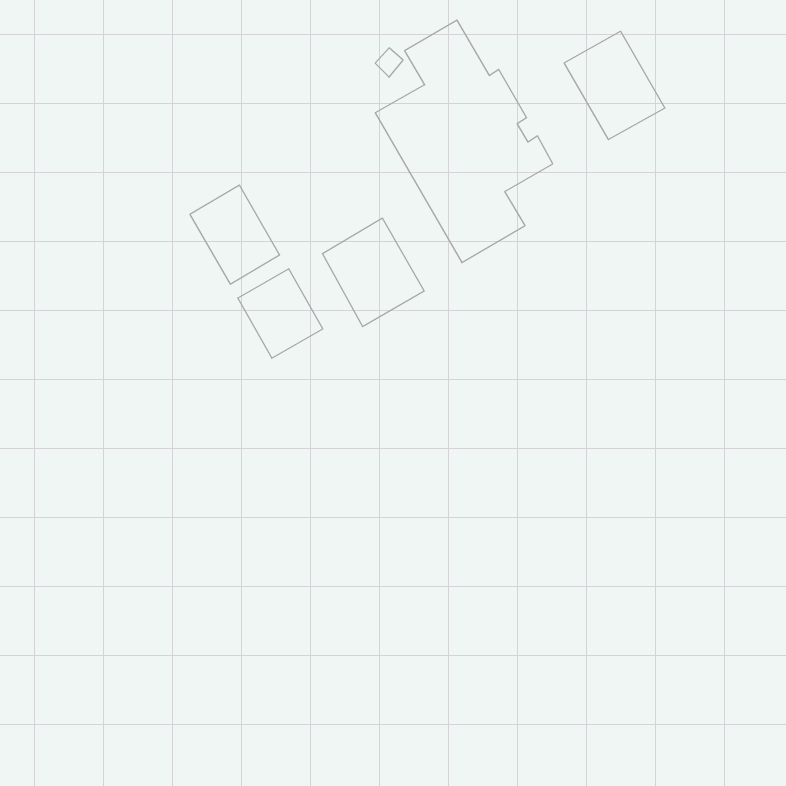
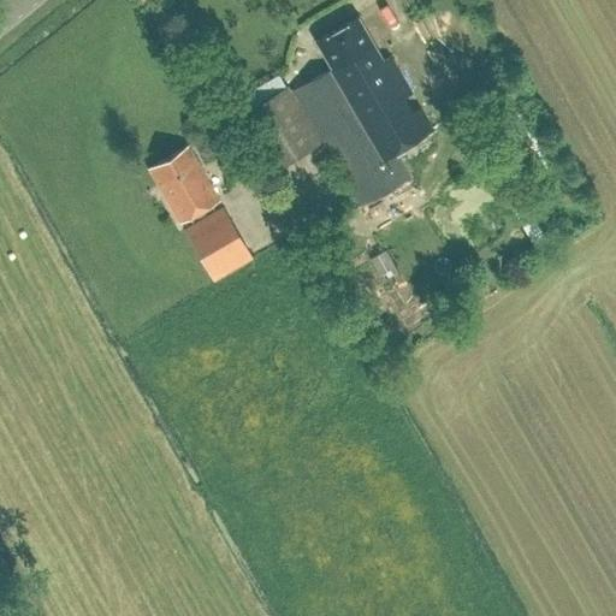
building: [564,31,665,140] -> none
building: [322,218,424,326] -> [241,88,320,172]

